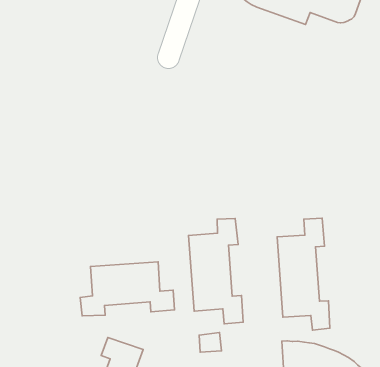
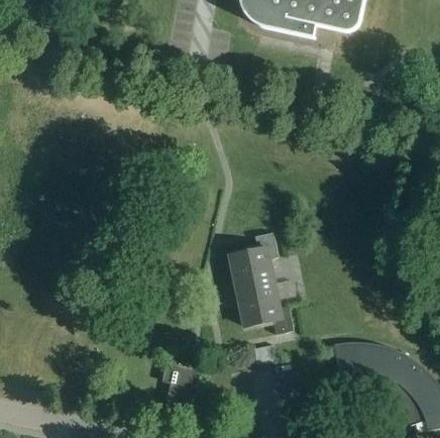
building: [277,218,330,330] -> none
building: [80,262,175,316] -> none

